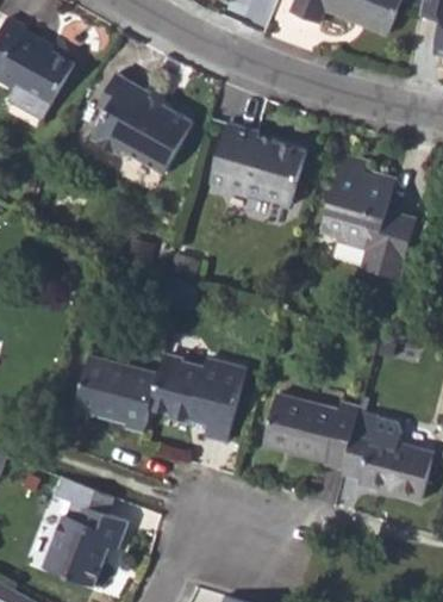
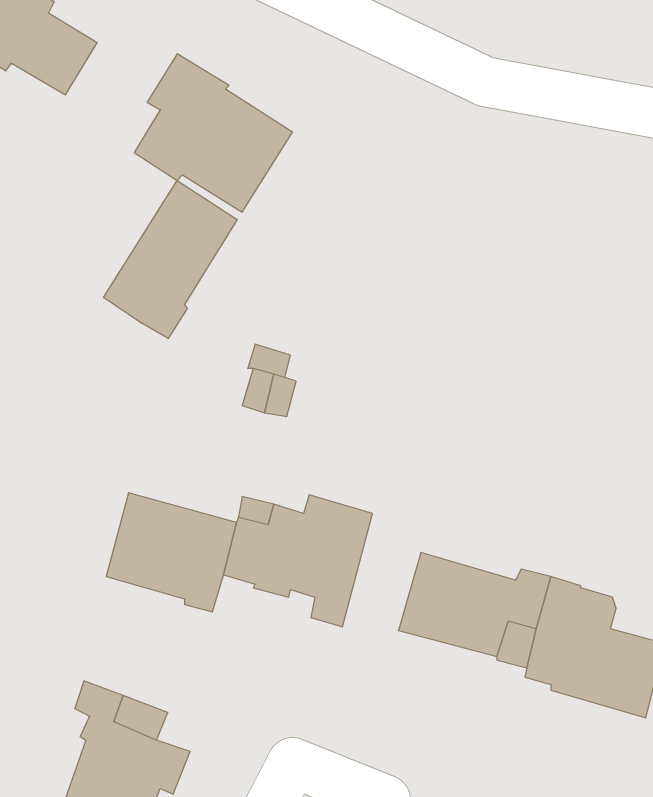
building: [211,123,306,207] -> none
building: [318,154,414,278] -> none
building: none -> [104,180,237,339]

